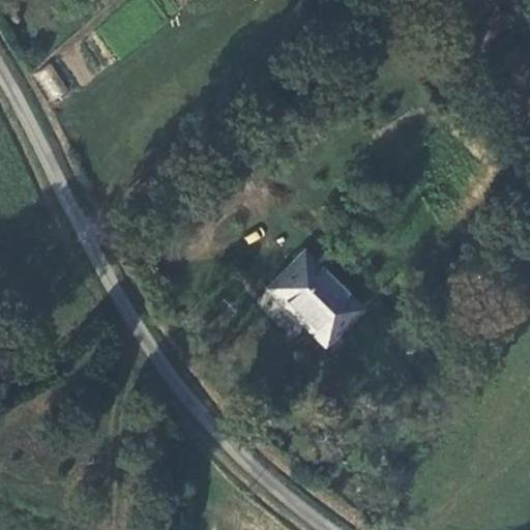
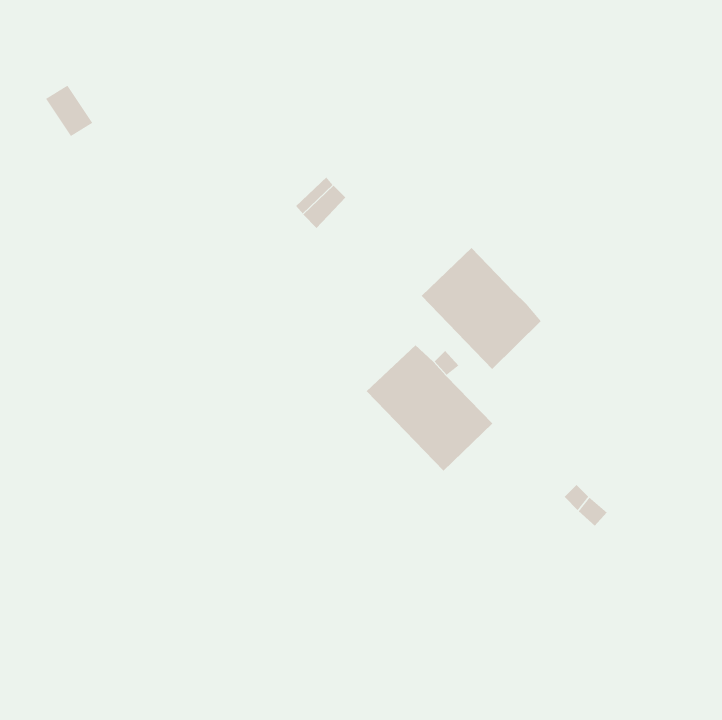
building: none -> [421,247,542,370]

